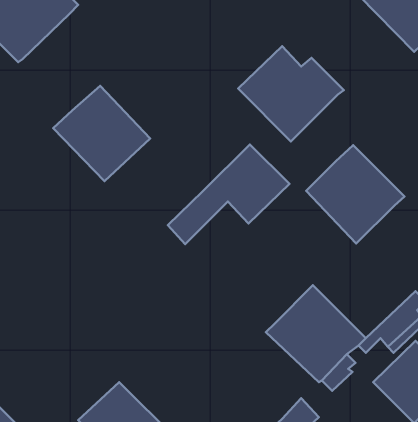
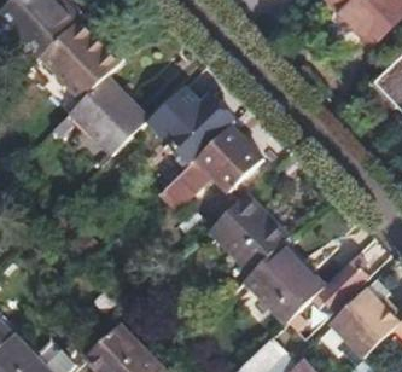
building: none -> [42,19,122,99]
building: [238,46,344,141] -> [147,87,234,165]
building: [306,145,405,244] -> [209,193,290,274]

